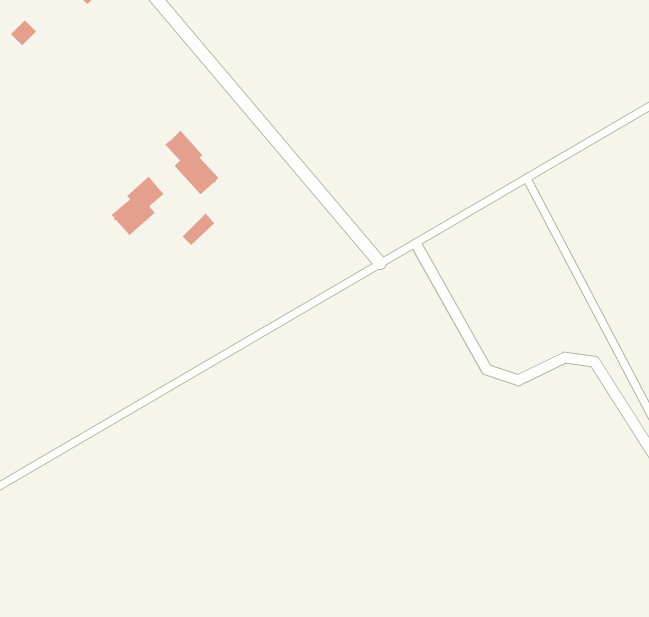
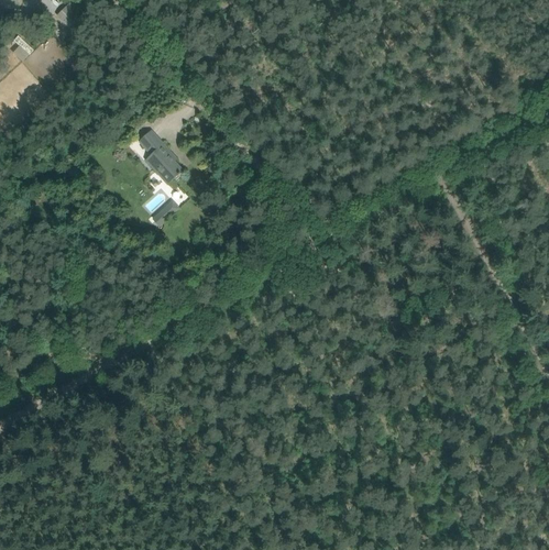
building: [111,176,165,236] -> none

